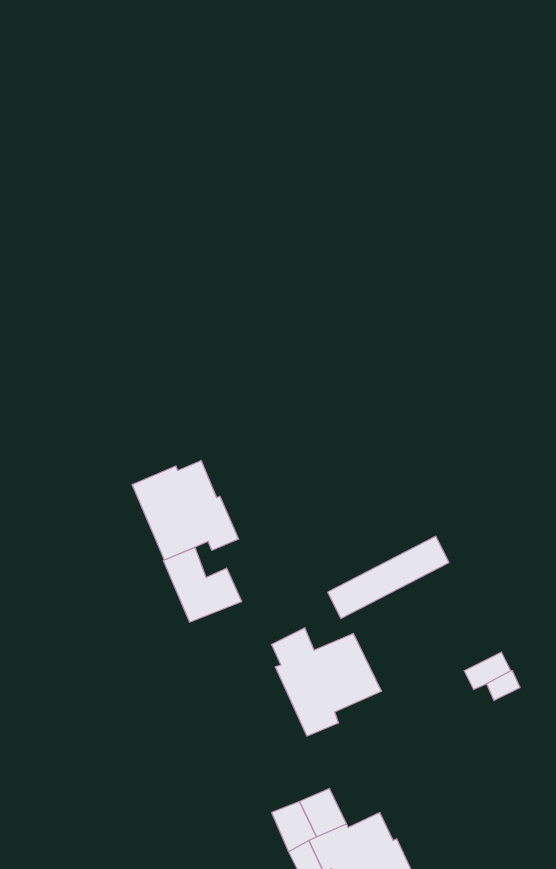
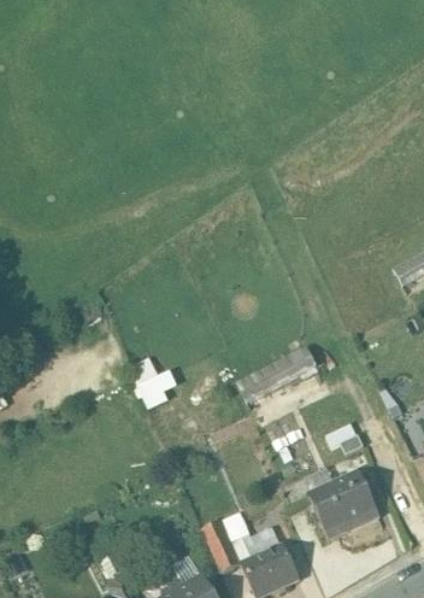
building: [132,460,239,560] -> none
building: [271,628,382,736] -> [306,470,377,540]

